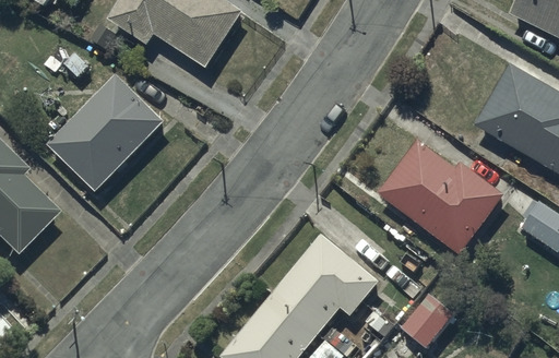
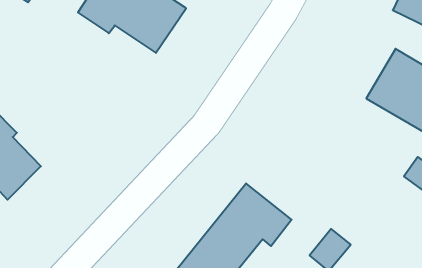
building: [46,74,165,192] -> none
building: [377,140,506,255] -> none

